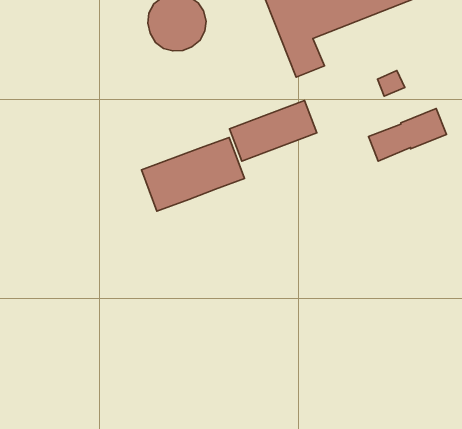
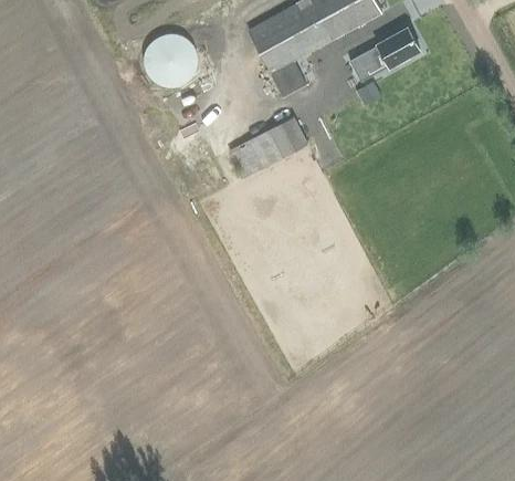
building: [368,108,447,161] -> [350,28,420,81]
building: [142,137,245,211] -> none

